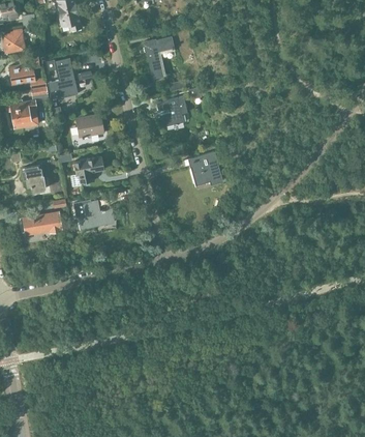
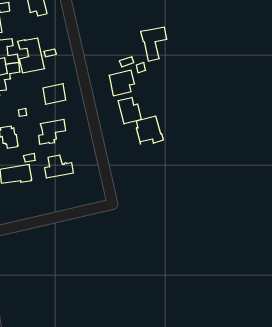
building: [143,36,175,78] -> [141,27,167,61]
building: none -> [118,97,141,124]

